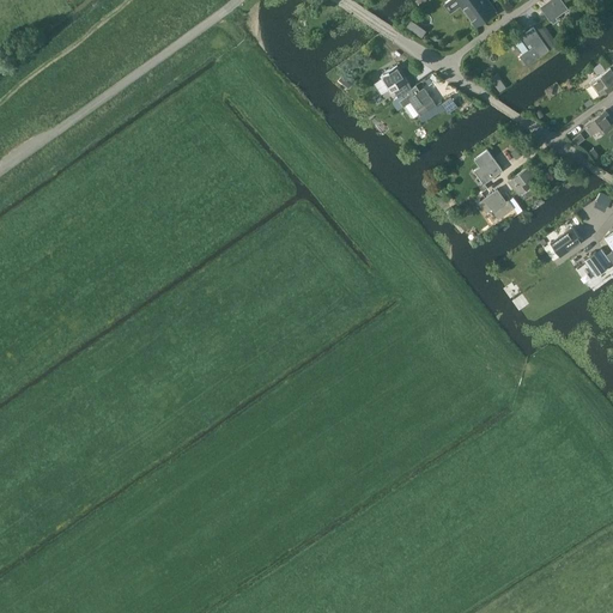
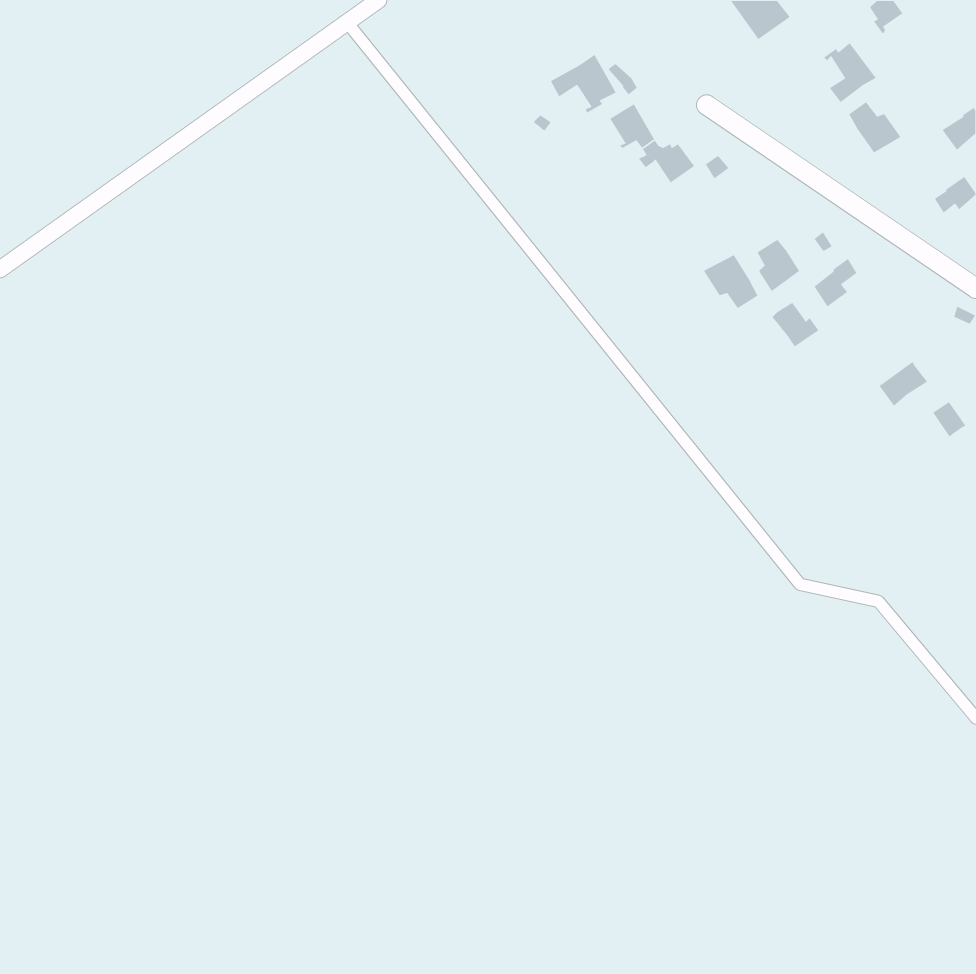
building: none -> [550,54,617,114]
building: none -> [848,101,901,153]
building: none -> [703,254,758,309]

